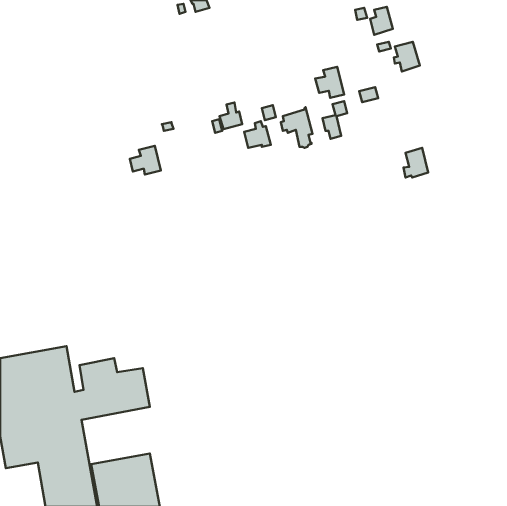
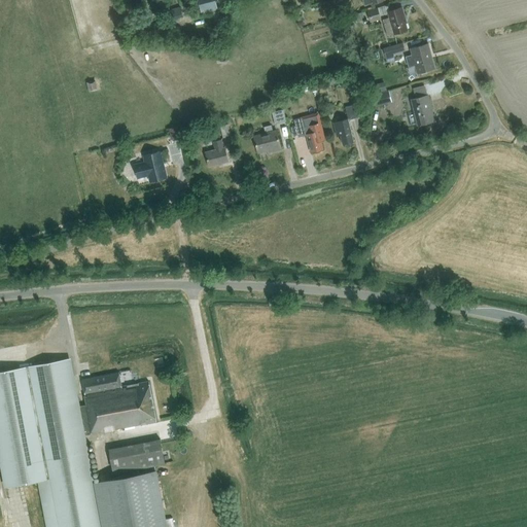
building: [315,67,344,98] -> none
building: [219,102,242,129] -> [205,140,229,168]
building: [403,148,428,178] -> [409,96,434,127]
building: none -> [109,435,167,470]

